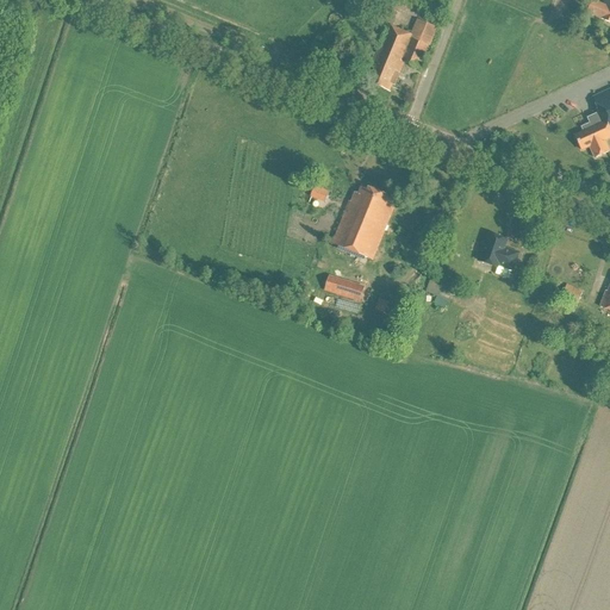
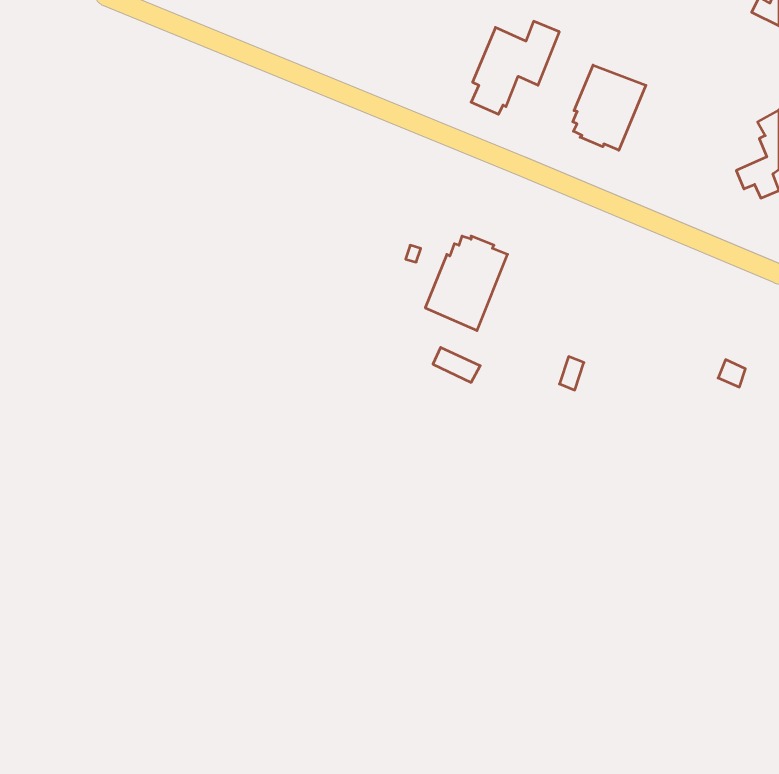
building: none -> [573,65,646,150]
building: [479,232,518,268] -> none

